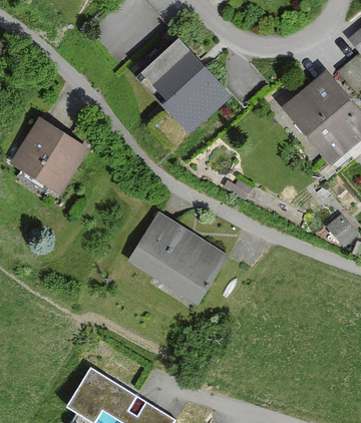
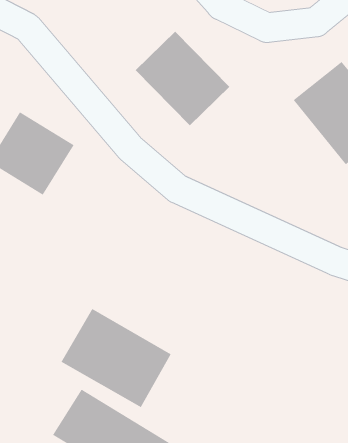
building: [127,214,227,303] -> [61,308,171,408]

